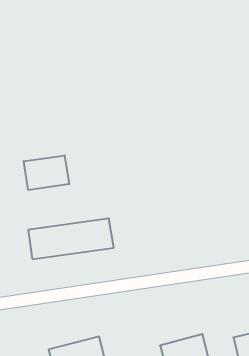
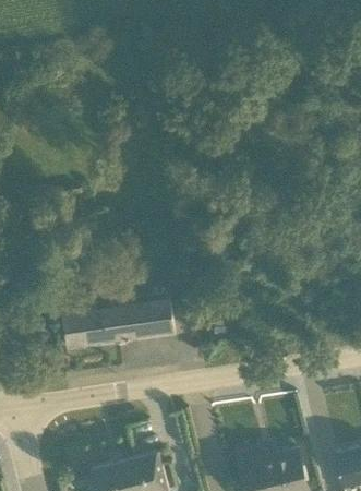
building: [24,155,69,190] -> none

